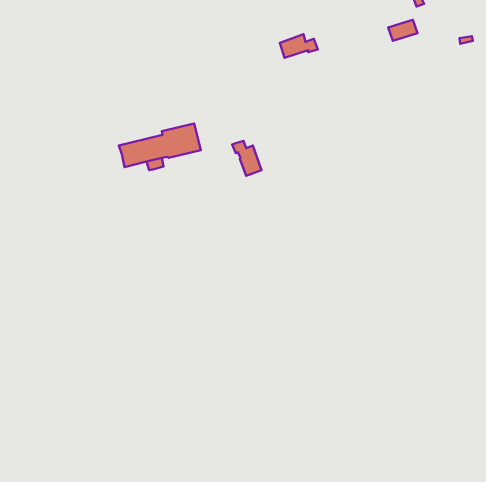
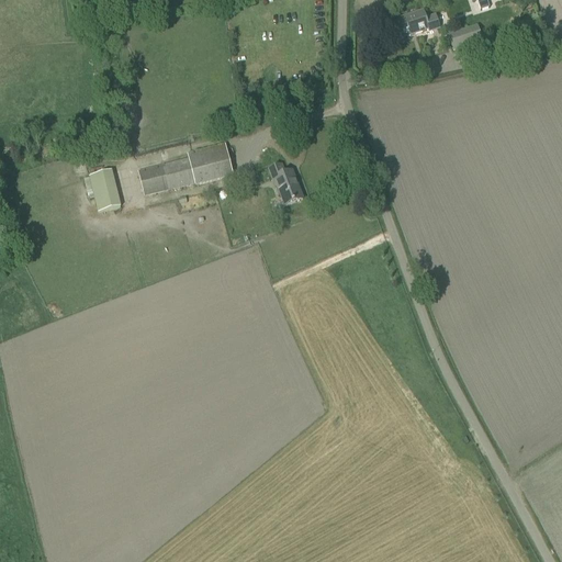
building: [280,34,318,58] -> [395,8,439,35]
building: none -> [88,167,121,210]

